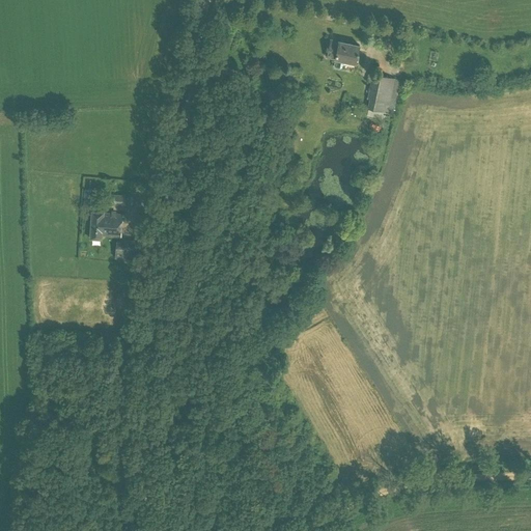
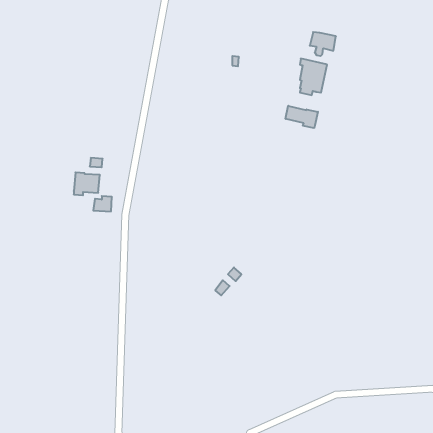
building: [327,39,359,68] -> [310,32,336,56]
building: none -> [286,106,318,128]

